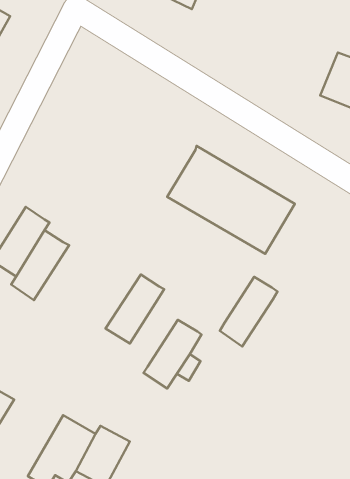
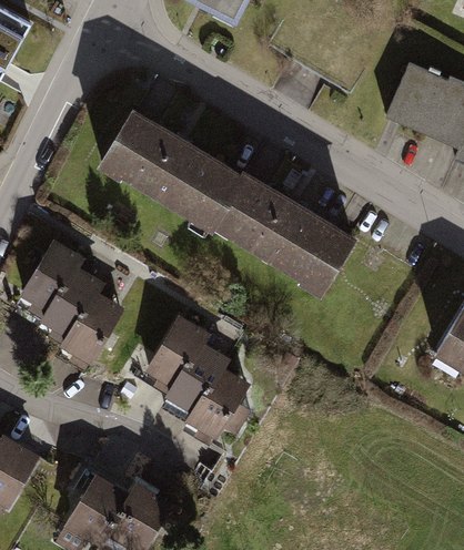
building: none -> [92,105,243,232]
building: none -> [56,292,121,368]
building: [220,277,278,347] -> [163,342,229,420]

